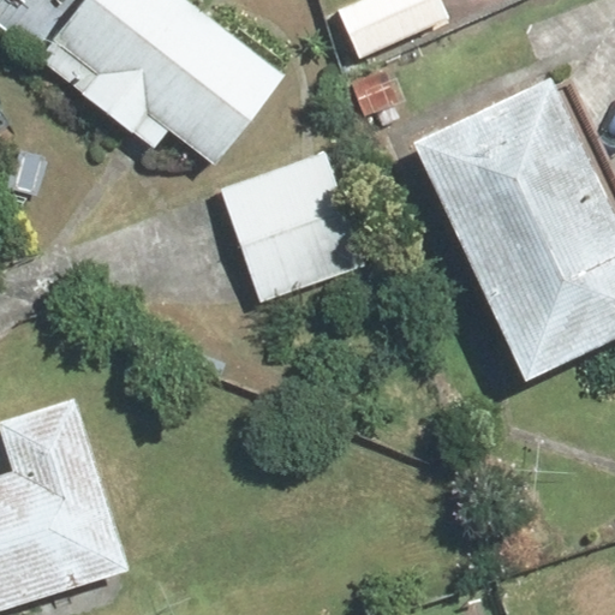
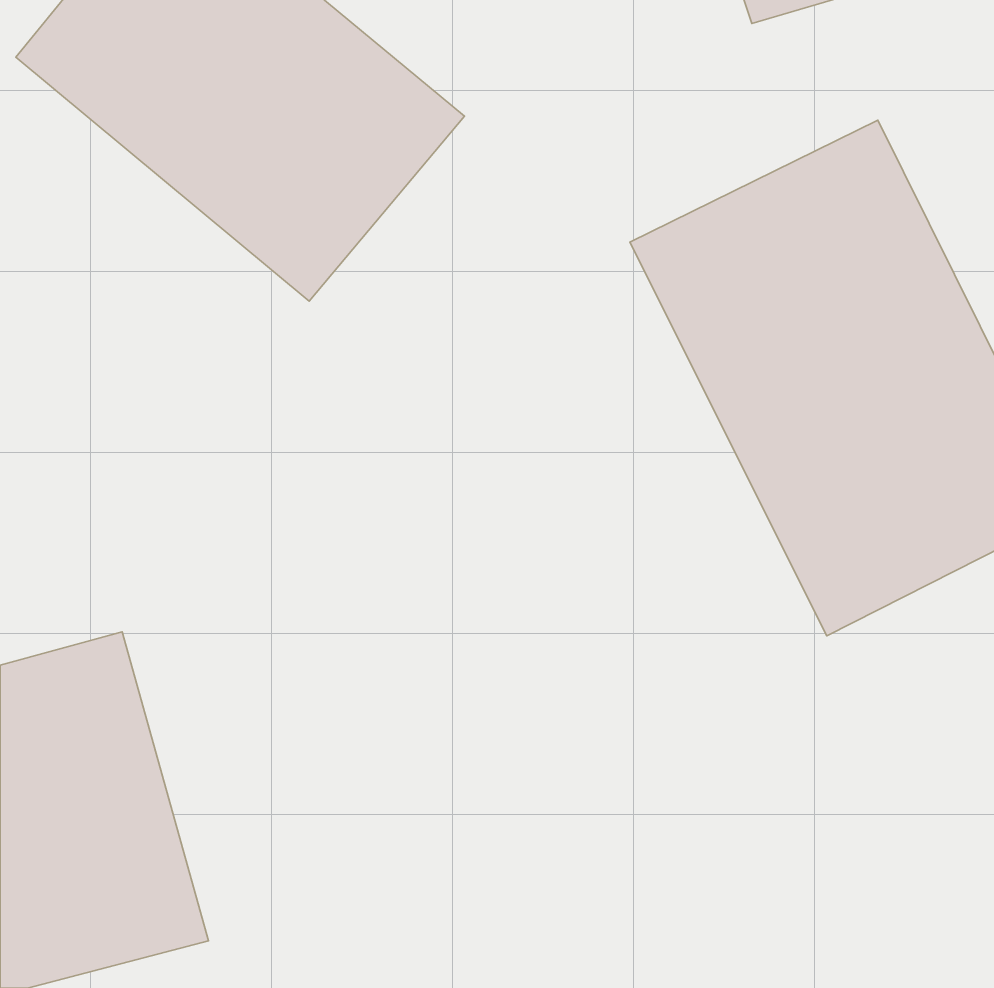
building: [217,154,368,297] -> none

